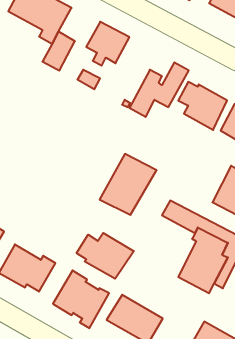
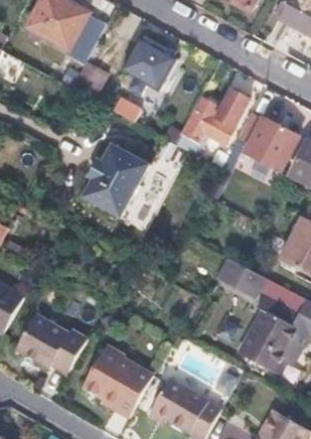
building: [100,154,157,215] -> [82,141,152,216]
building: [77,233,134,279] -> none

